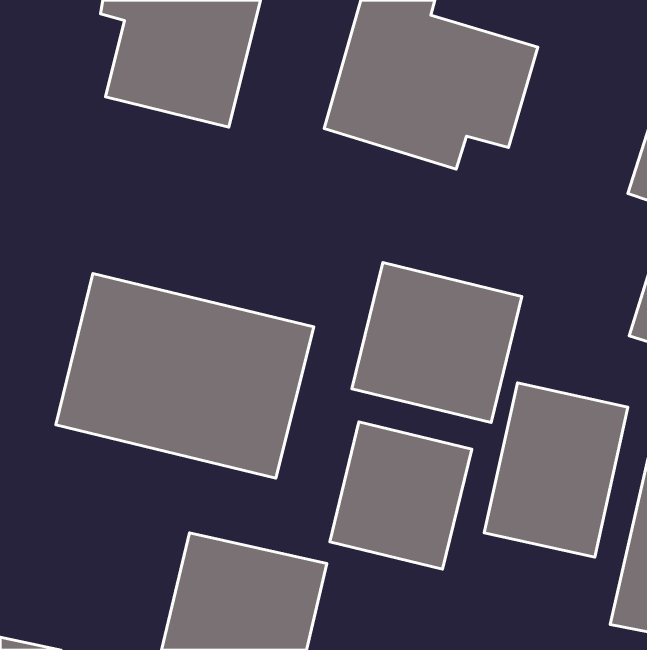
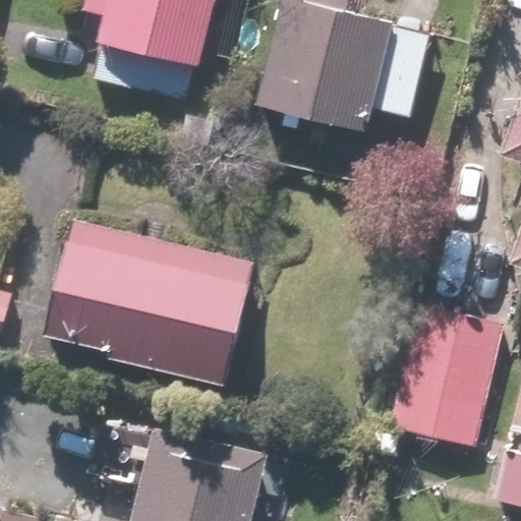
building: [352,263,522,423] -> none
building: [330,422,472,569] -> none

